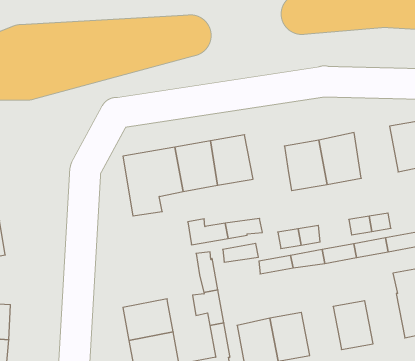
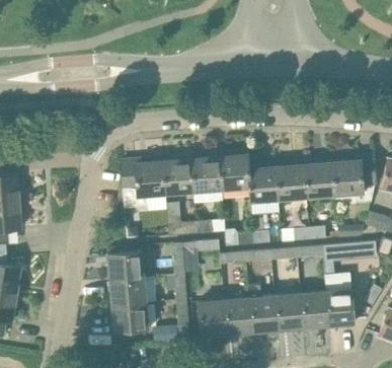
building: none -> [305,159,336,198]
building: none -> [219,152,250,190]
building: none -> [107,251,145,280]
building: none -> [300,291,328,328]
building: none -> [248,285,278,333]

